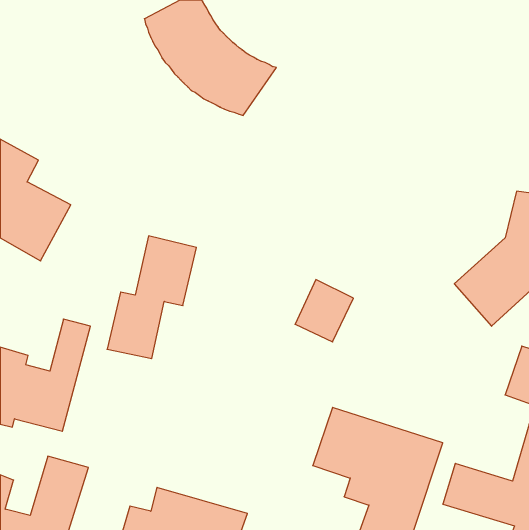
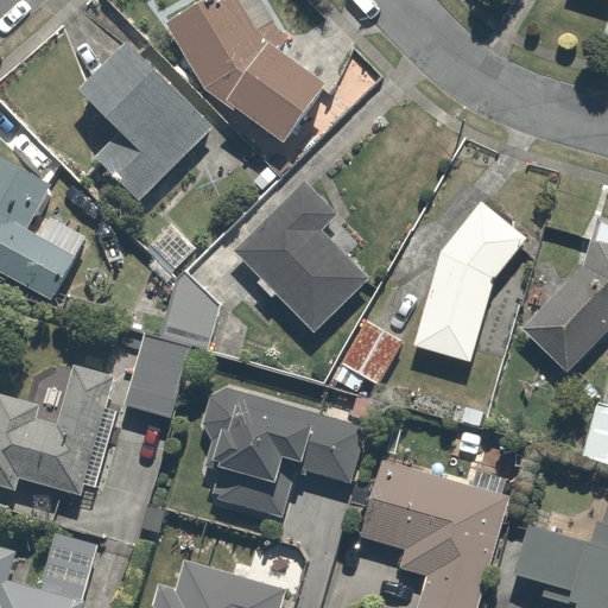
building: none -> [77,42,214,203]
building: none -> [233,184,363,329]
building: none -> [416,203,528,361]
building: none -> [201,385,368,513]

